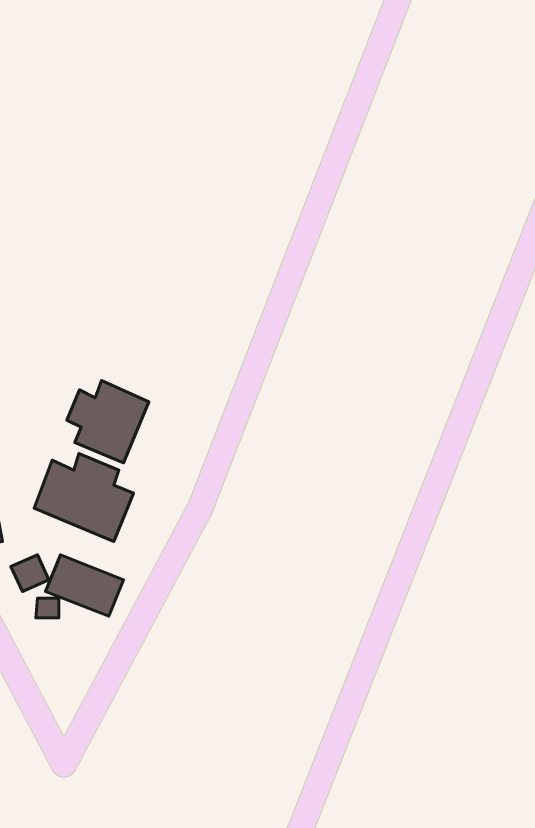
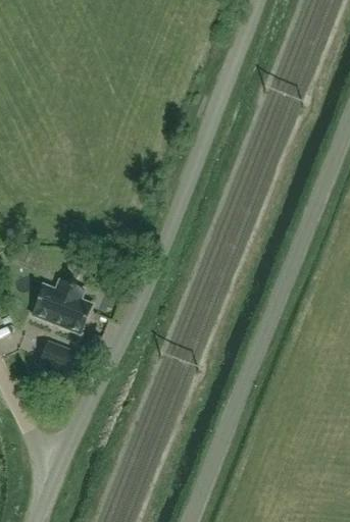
building: [67,381,149,463] -> none

